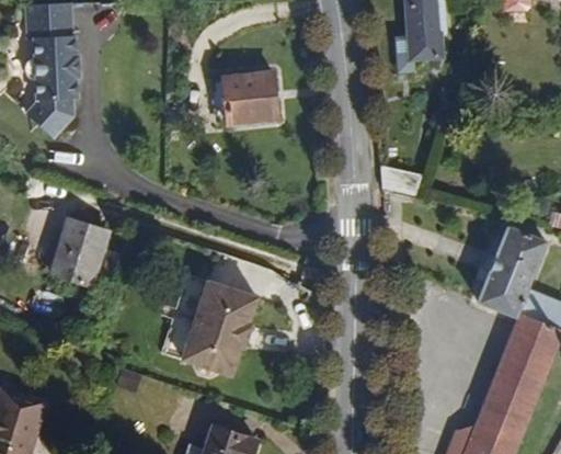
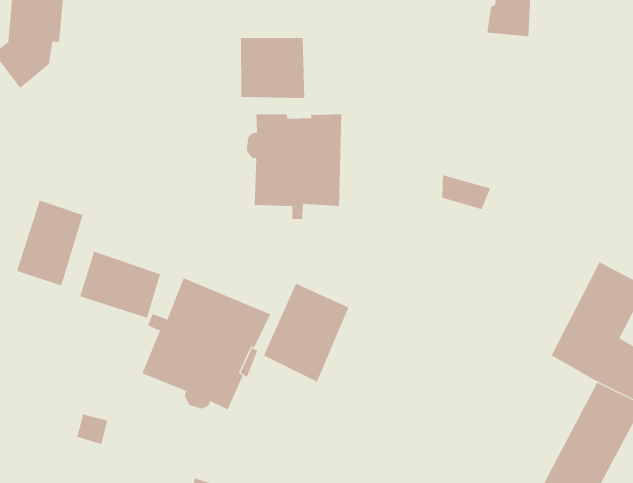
building: none -> [246,113,342,220]
building: none -> [80,251,161,319]
building: none -> [263,283,349,382]

